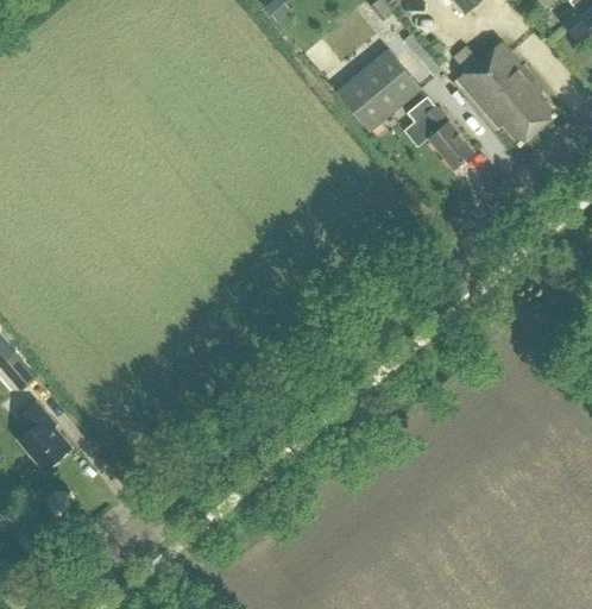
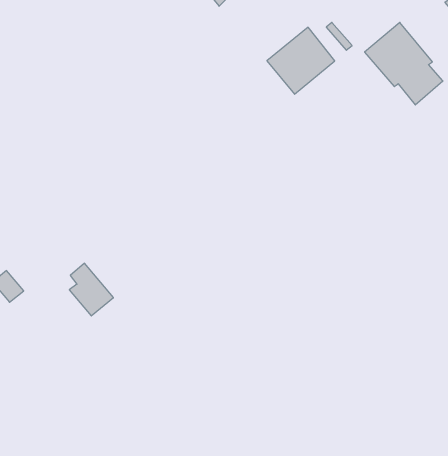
building: [408,99,473,170] -> none
building: [17,402,71,467] -> [69,263,113,316]

